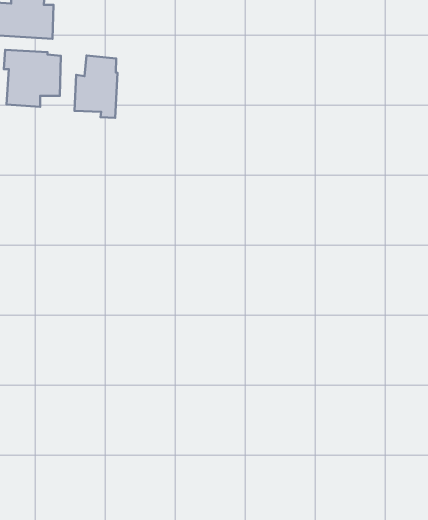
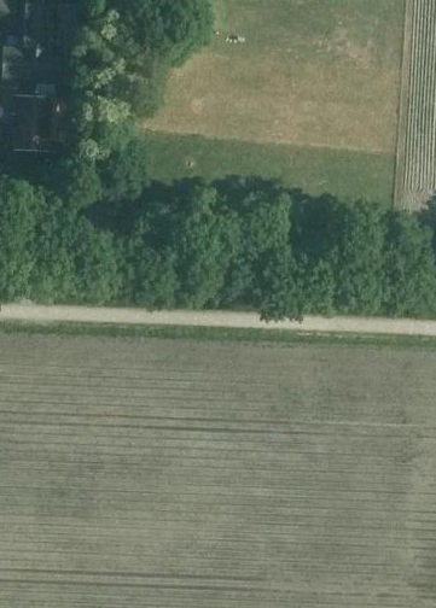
building: [75,56,118,118] -> none

